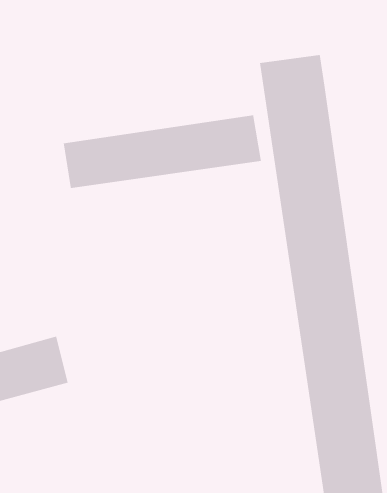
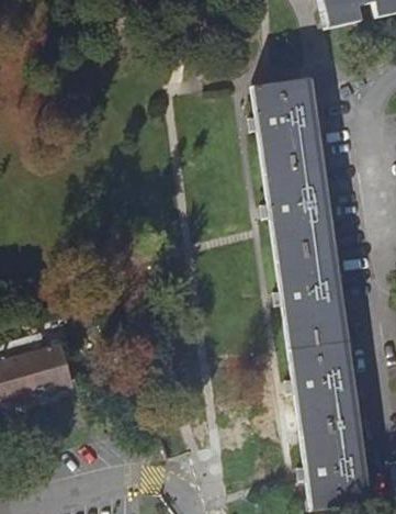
building: [63,115,262,189] -> none

